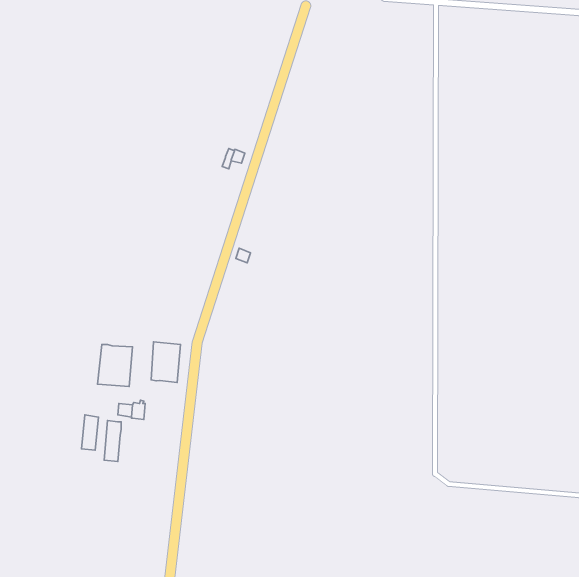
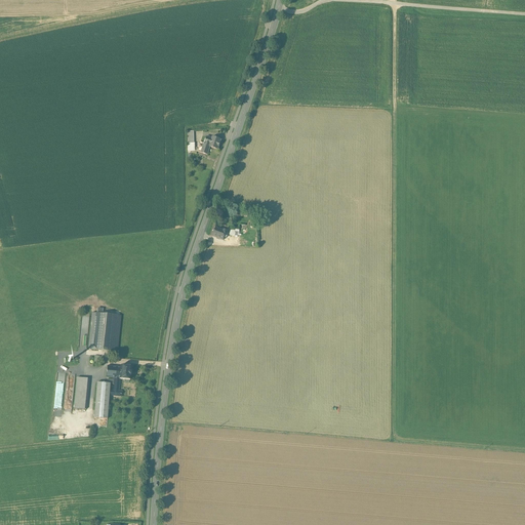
building: [151,342,180,382] -> none

